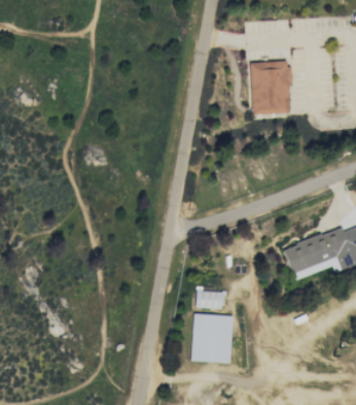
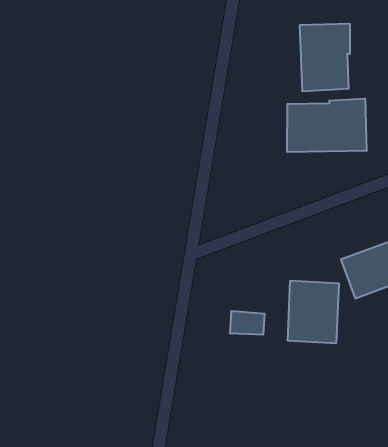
building: none -> [287,99,367,152]
building: [191,313,233,363] -> [287,281,339,343]

